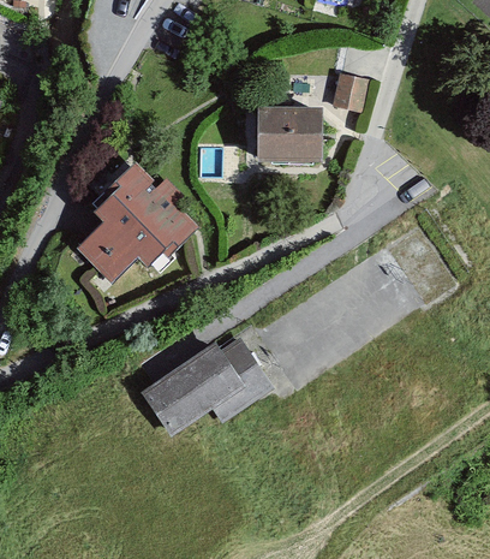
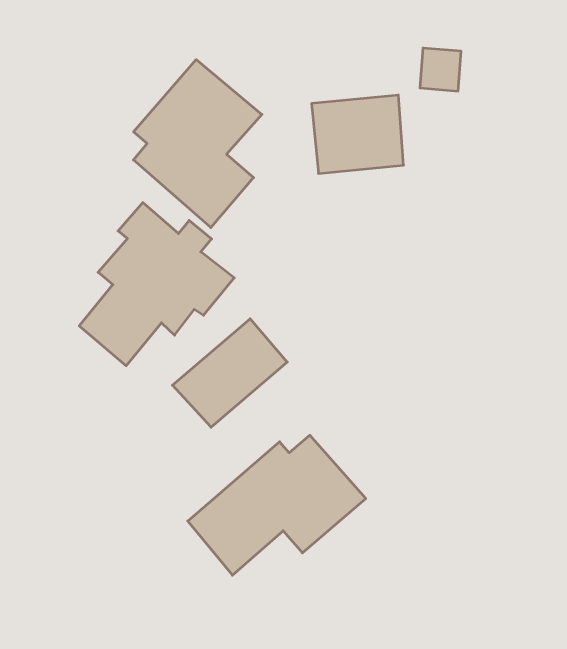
building: none -> [133,60,262,228]
building: none -> [172,319,287,427]

